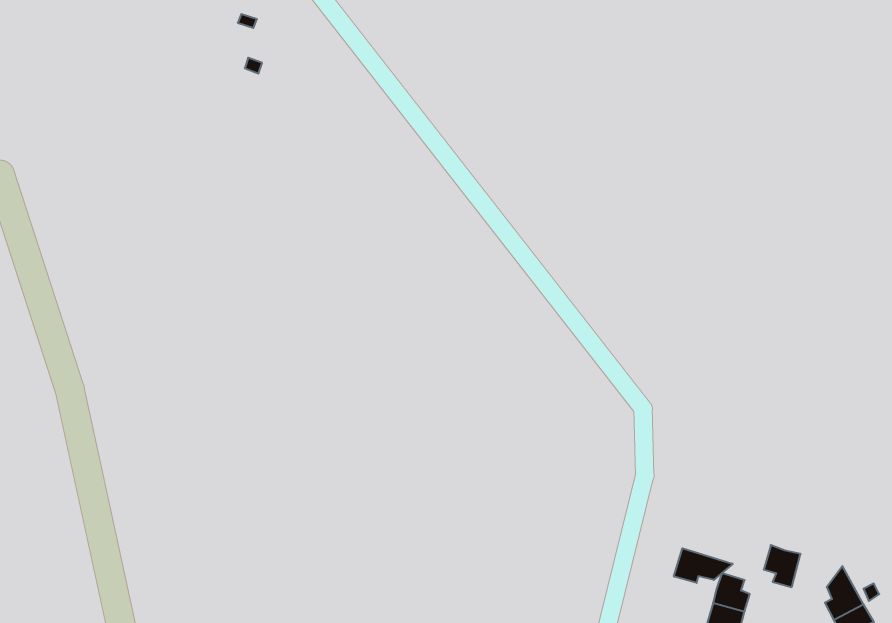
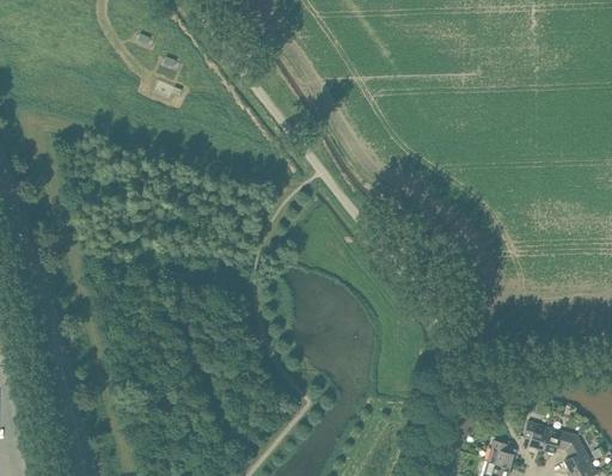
building: [674,548,733,583] -> none
building: none -> [541,427,576,453]

